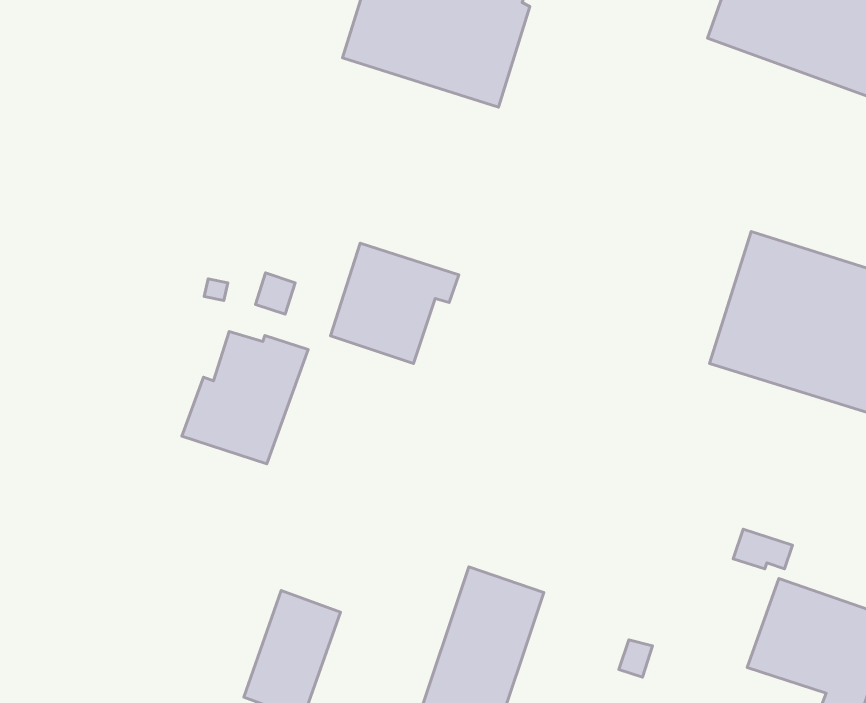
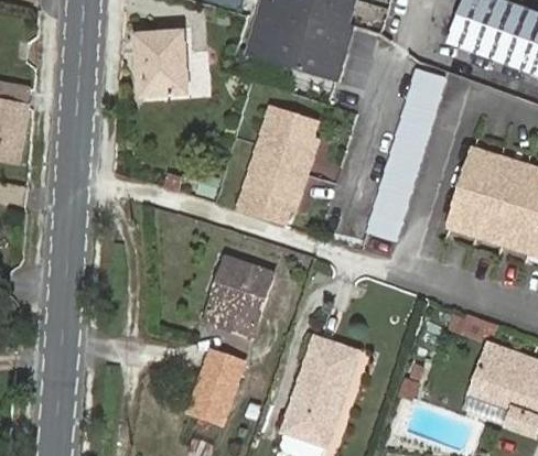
building: none -> [138,31,189,95]
building: none -> [366,68,445,239]
building: none -> [255,105,319,174]
building: [182,332,308,464] -> [204,262,275,336]

